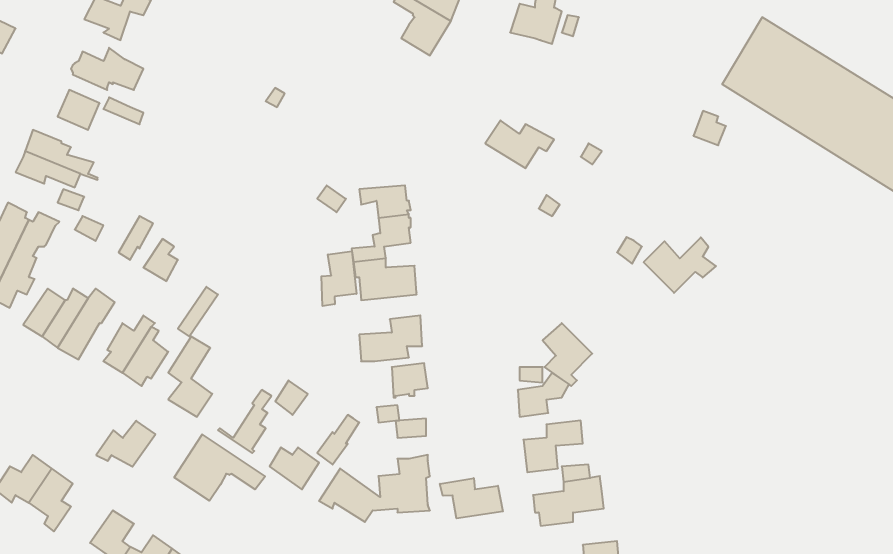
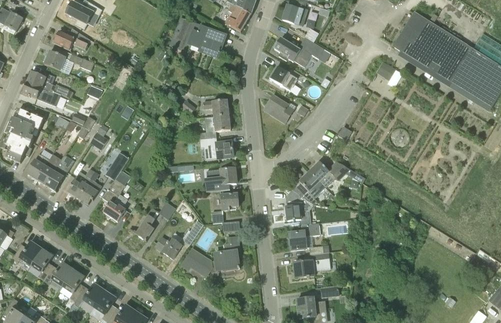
building: none -> [169,17,225,58]
building: none -> [274,37,324,67]
building: none -> [267,95,296,124]
building: [644,237,716,293] -> [309,159,347,188]
building: [321,251,356,306] -> none
building: [96,421,155,467] -> [43,263,74,287]
building: [174,434,265,501] -> none
building: [440,478,503,518] -> none

